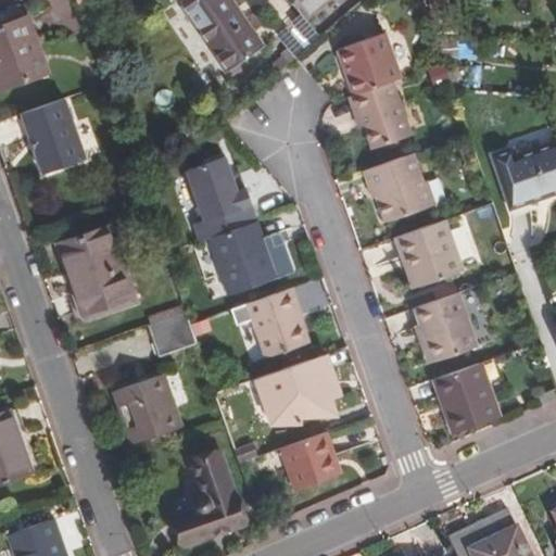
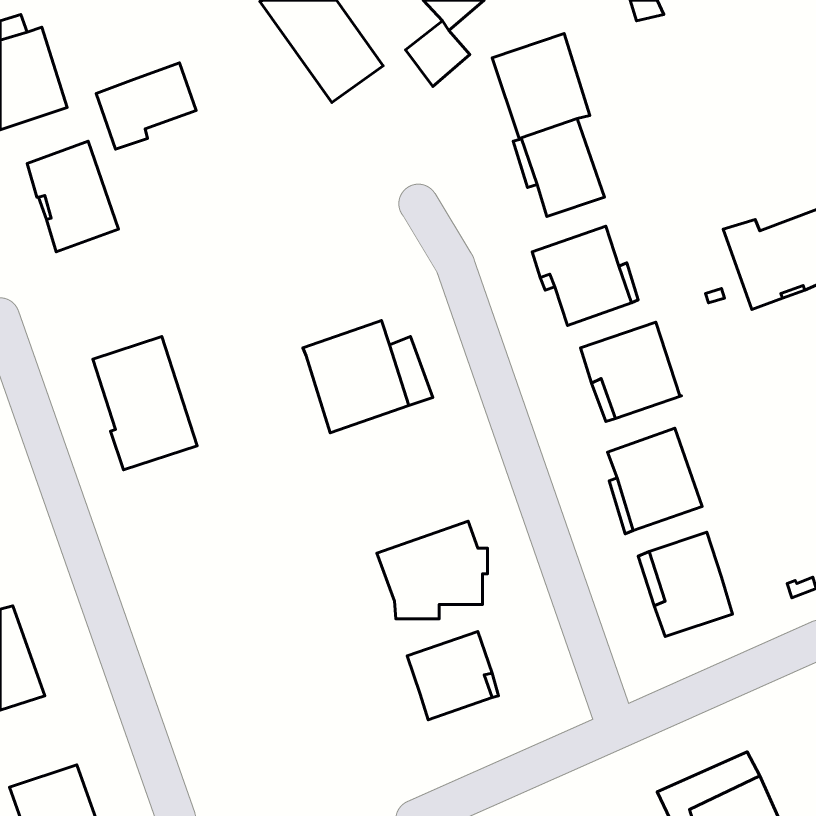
building: none -> [96,63,196,149]
building: [185,156,257,241] -> none
building: [245,285,306,357] -> none
building: [148,315,198,359] -> none
building: [114,377,181,445] -> none
building: [175,454,248,546] -> none

